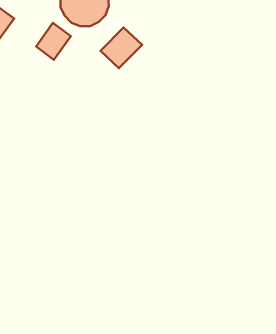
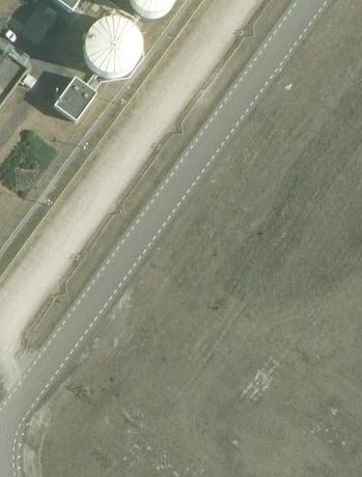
building: [100,28,142,68] -> none

